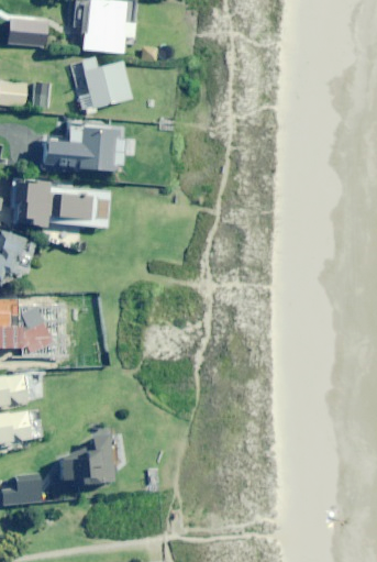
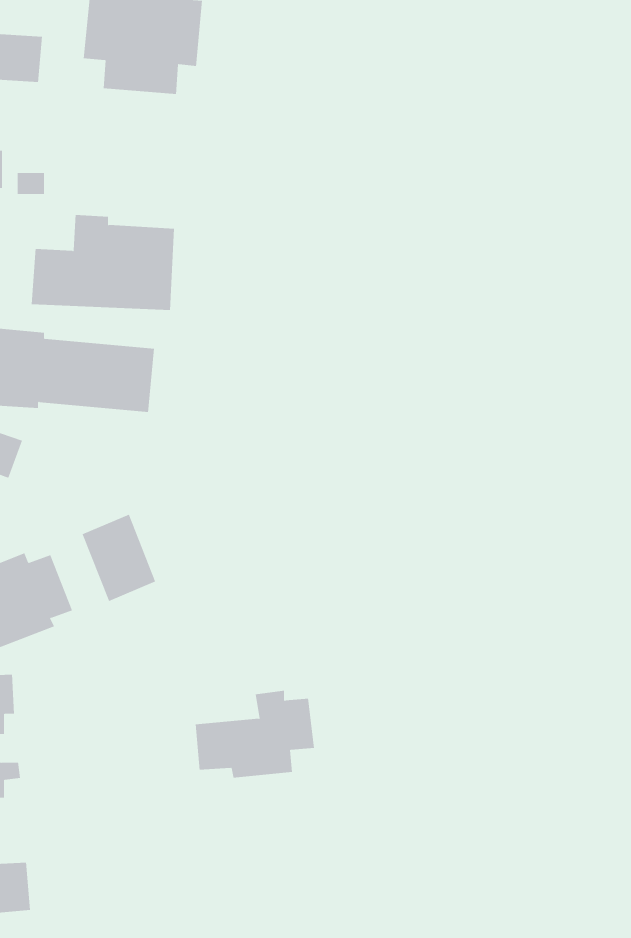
building: [74,57,131,114] -> none
building: none -> [82,514,156,602]
building: [60,436,126,484] -> [195,690,315,778]

